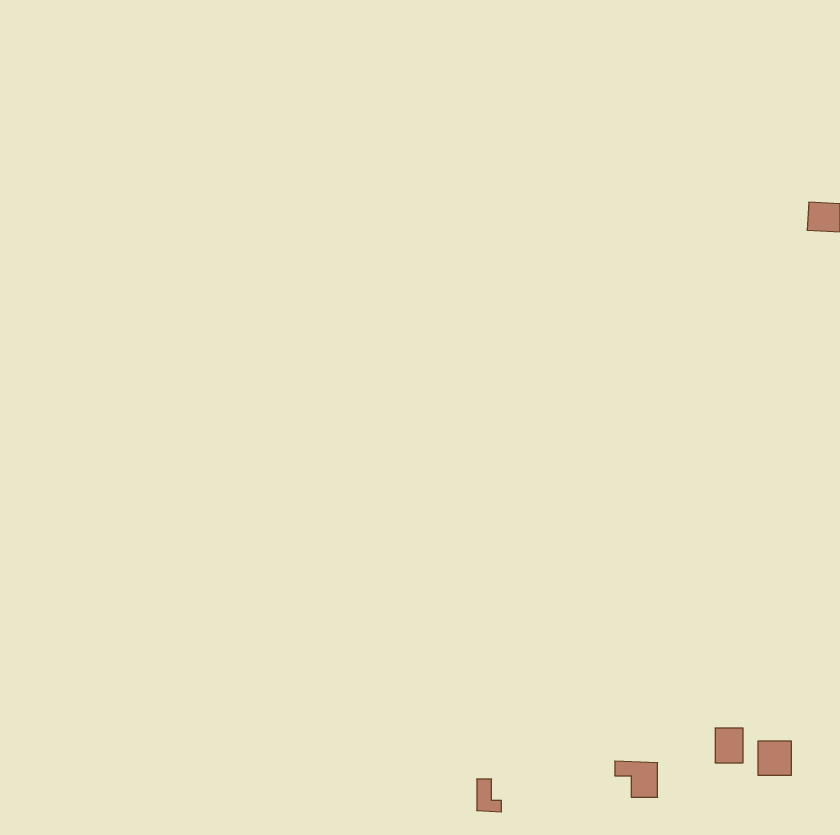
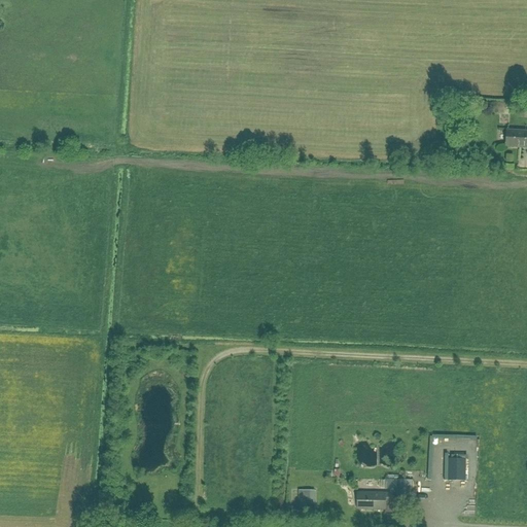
building: [758,741,791,775] -> none
building: none -> [357,489,390,506]

